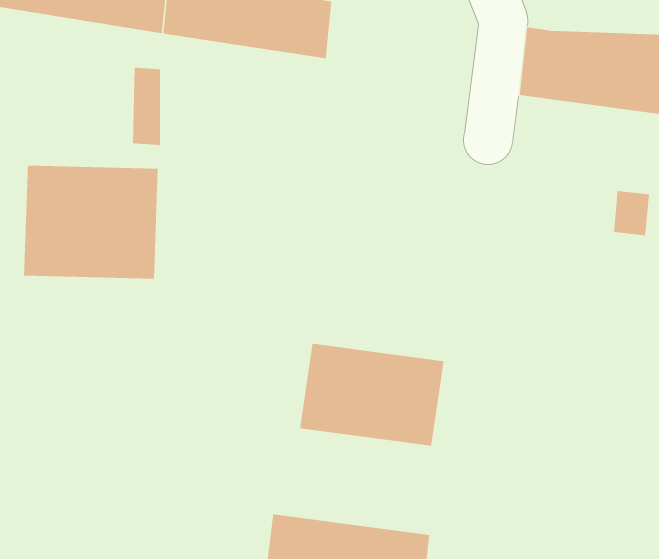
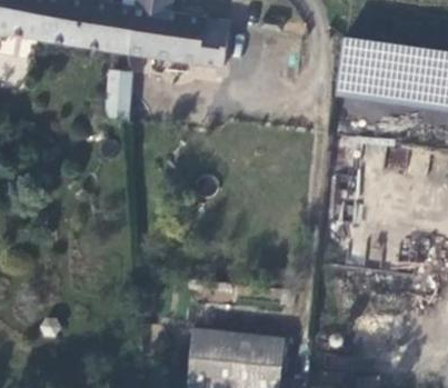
building: [23,165,159,279] -> none
building: [299,343,445,447] -> none

